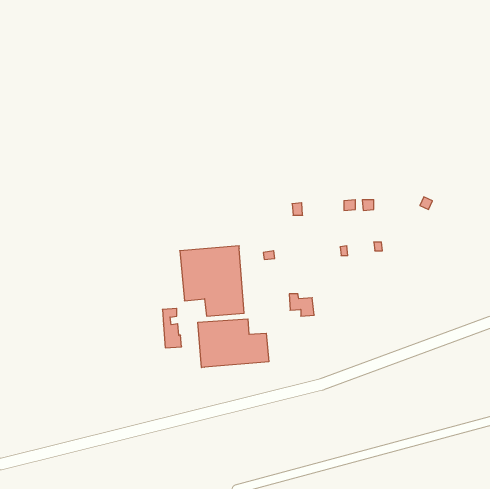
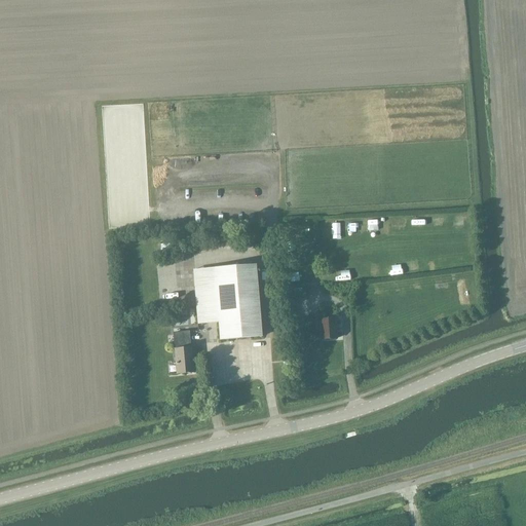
building: [198,319,269,368] -> none

